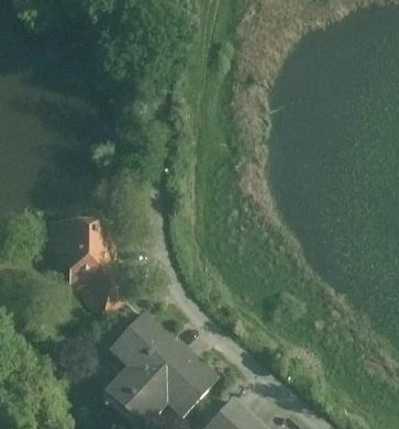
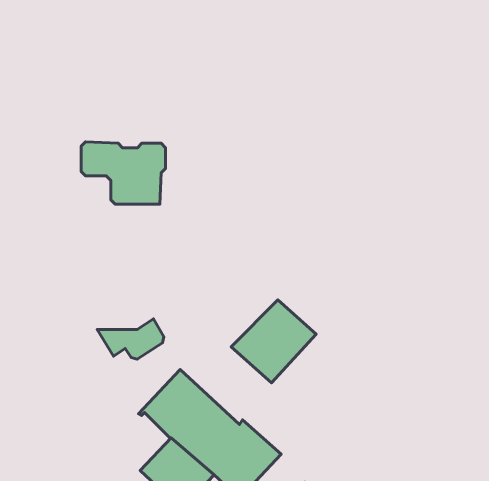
building: [49,222,112,268] -> [81,142,166,204]
building: none -> [231,300,316,383]

